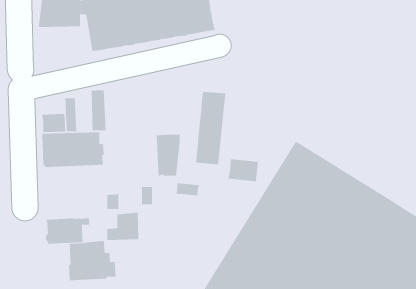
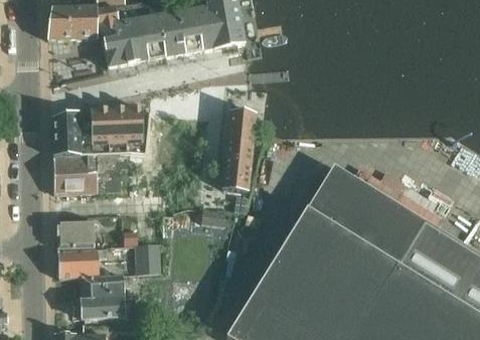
building: none -> [91,110,109,155]
building: none -> [53,113,79,136]
building: [156,134,181,176] -> [123,108,150,154]
building: [228,158,259,182] -> none
building: none -> [57,219,95,248]

